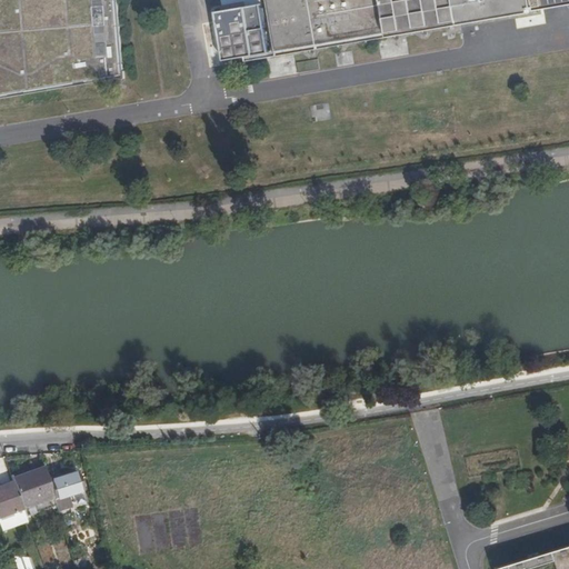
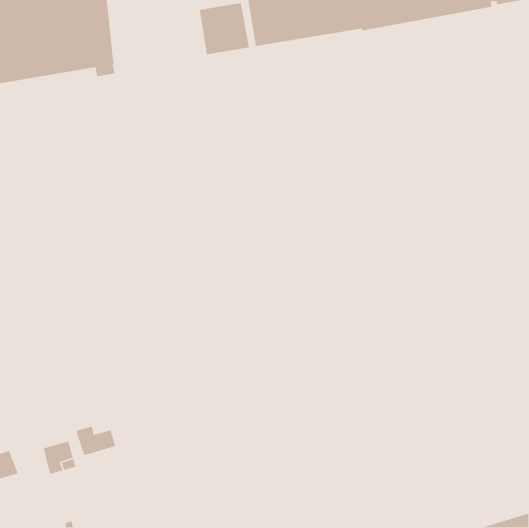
building: none -> [76,426,116,456]
building: [8,463,50,506] -> none

